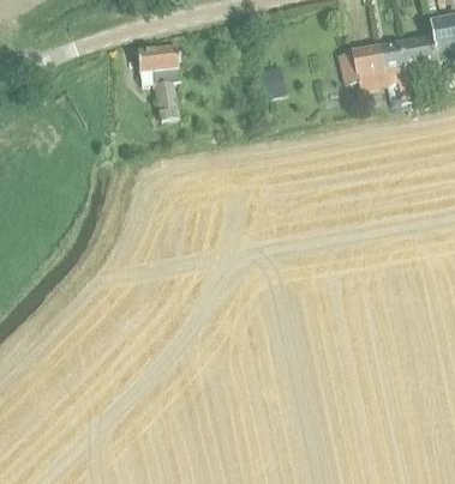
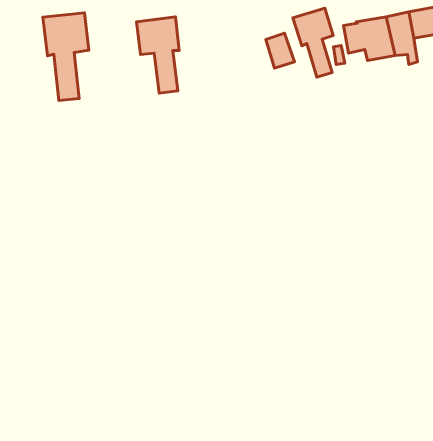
building: none -> [293,8,333,77]
building: none -> [43,13,89,100]

